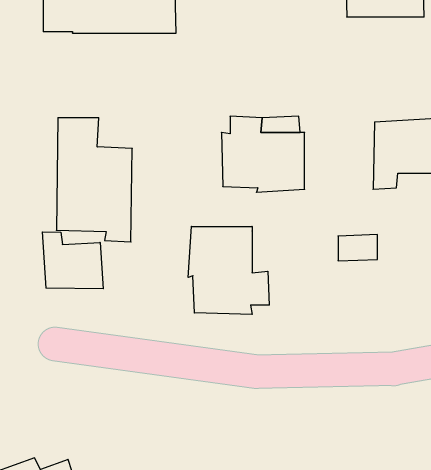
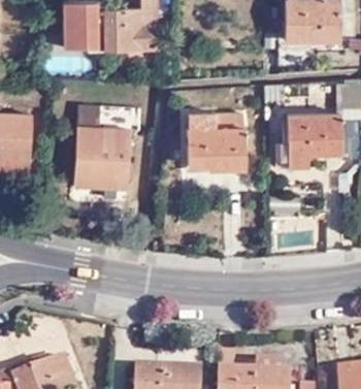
building: [188,226,269,314] -> none
building: [42,232,103,289] -> none

